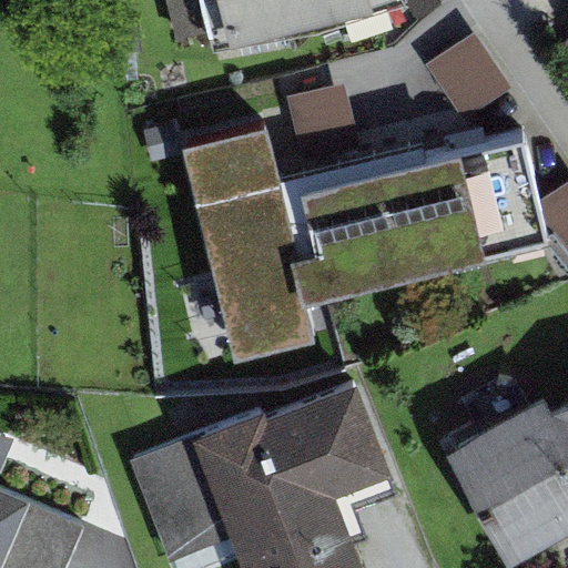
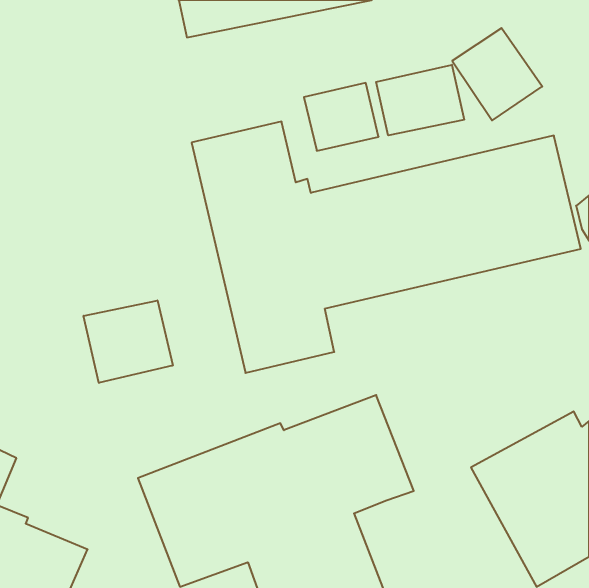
building: none -> [376,65,464,135]
building: none -> [84,300,173,383]

